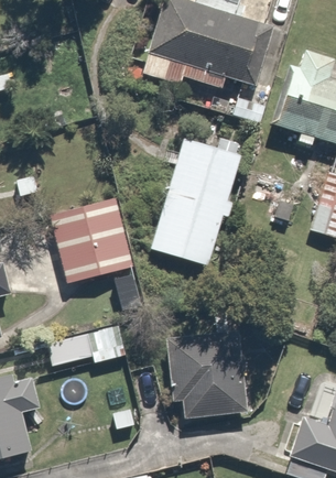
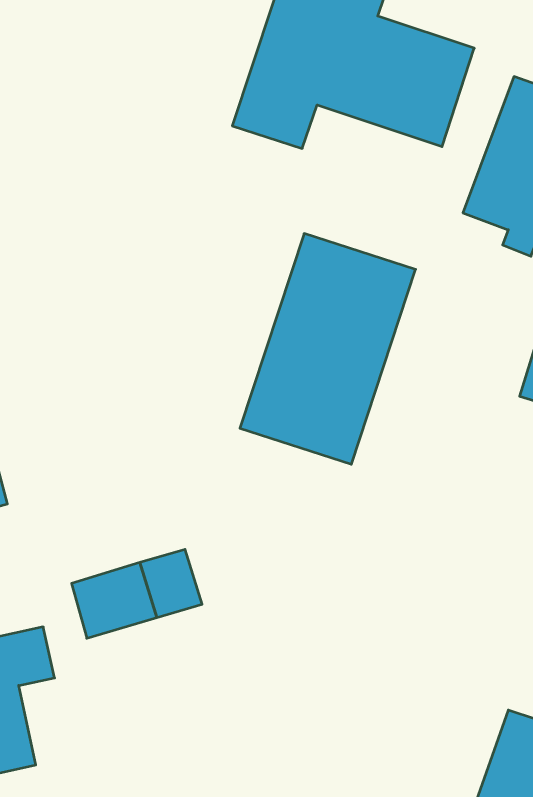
building: [47,197,137,289] -> none
building: [165,338,247,417] -> none

